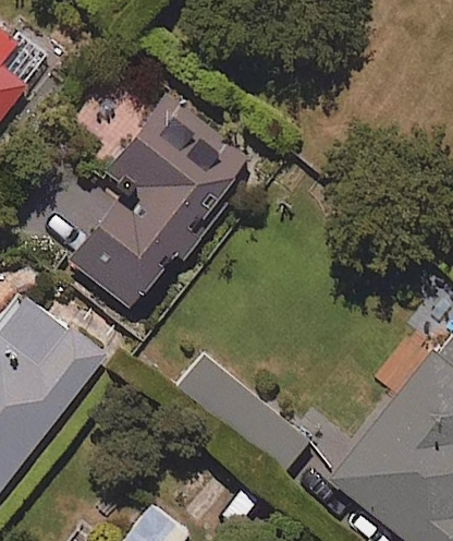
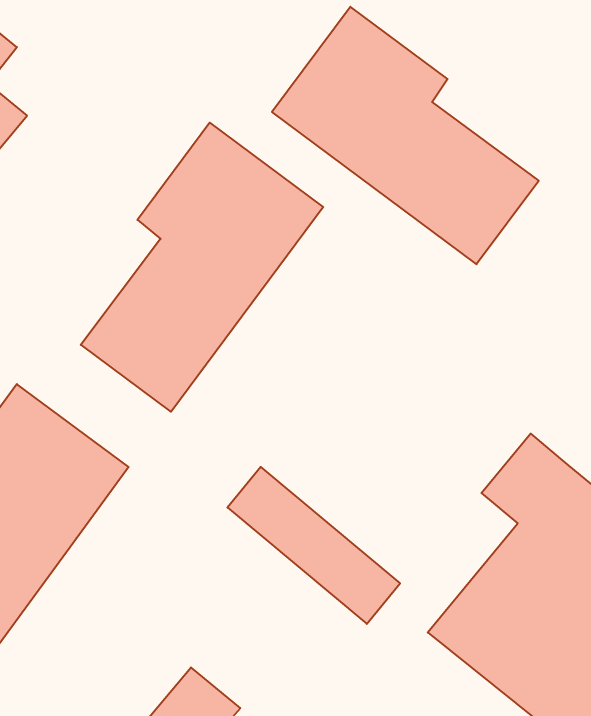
building: none -> [272,7,539,264]

